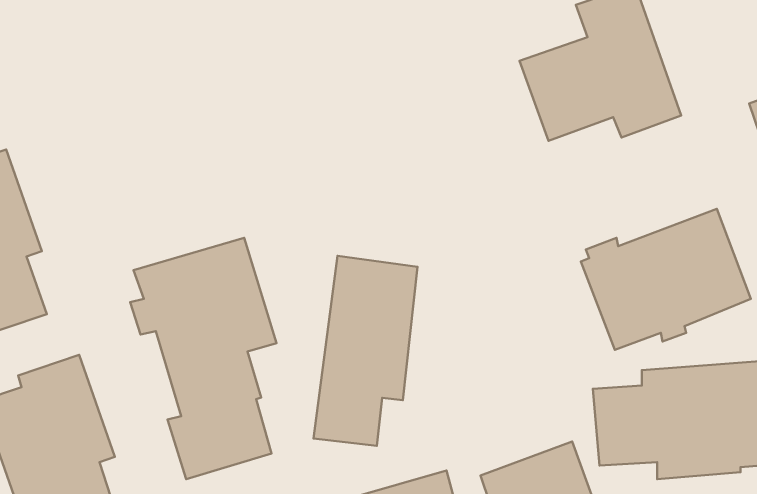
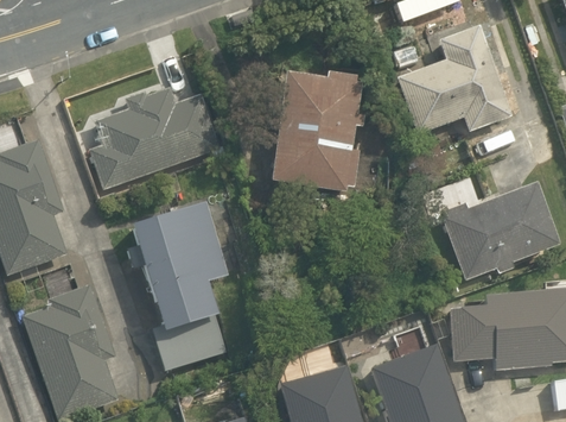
building: none -> [271,71,365,191]
building: none -> [90,86,222,189]
building: [313,256,417,446] -> none

